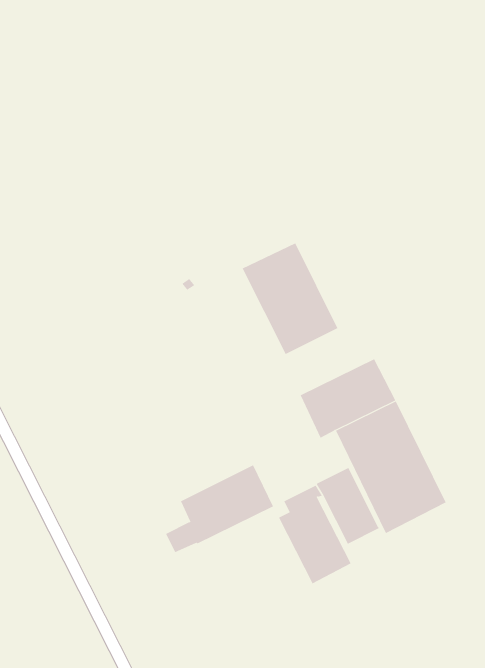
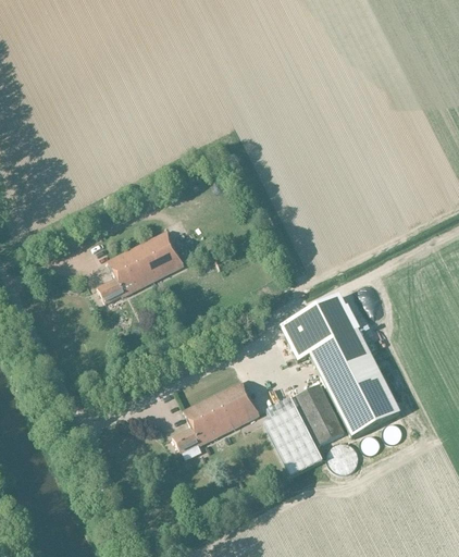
building: [242,242,338,355] -> none
building: none -> [97,231,184,302]

